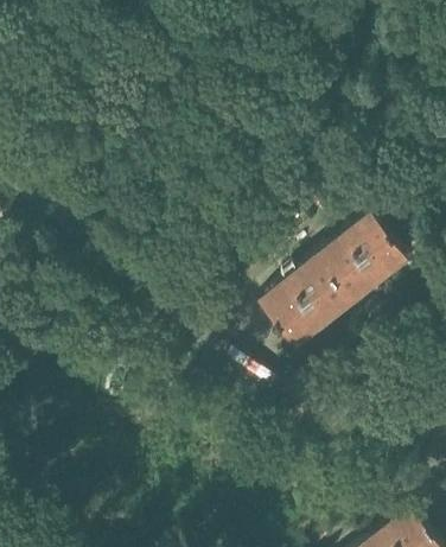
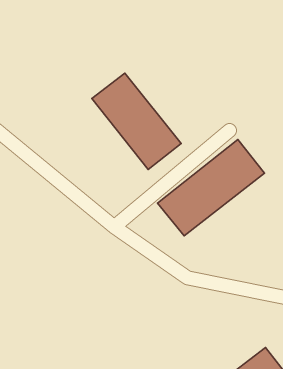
building: none -> [92,73,181,169]

